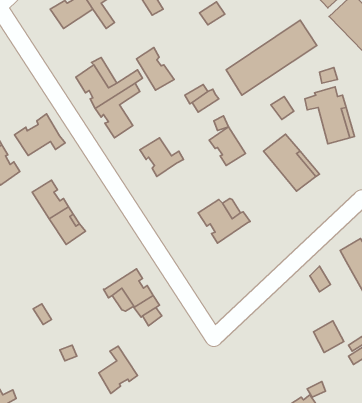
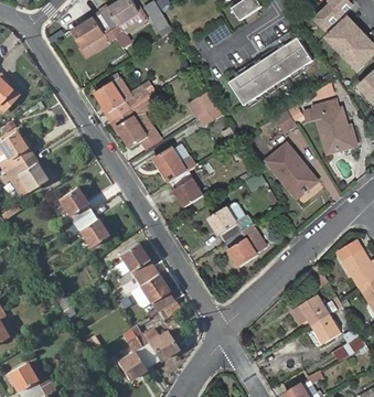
building: [136,48,174,90] -> none
building: [14,114,65,156] -> none
building: [209,127,245,166] -> [171,170,204,205]
building: none -> [226,224,268,266]
building: none -> [118,243,152,285]
building: none -> [292,296,336,323]
building: none -> [130,323,177,363]

